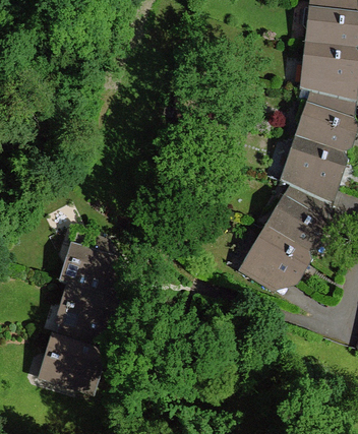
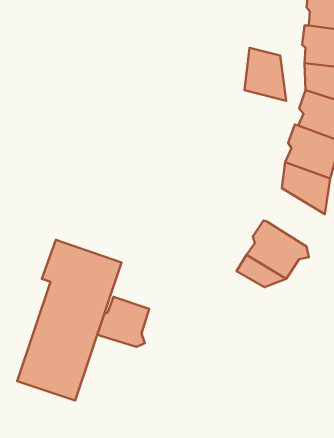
building: none -> [245,48,286,101]
building: [271,194,327,249] -> none
building: none -> [97,297,149,347]

